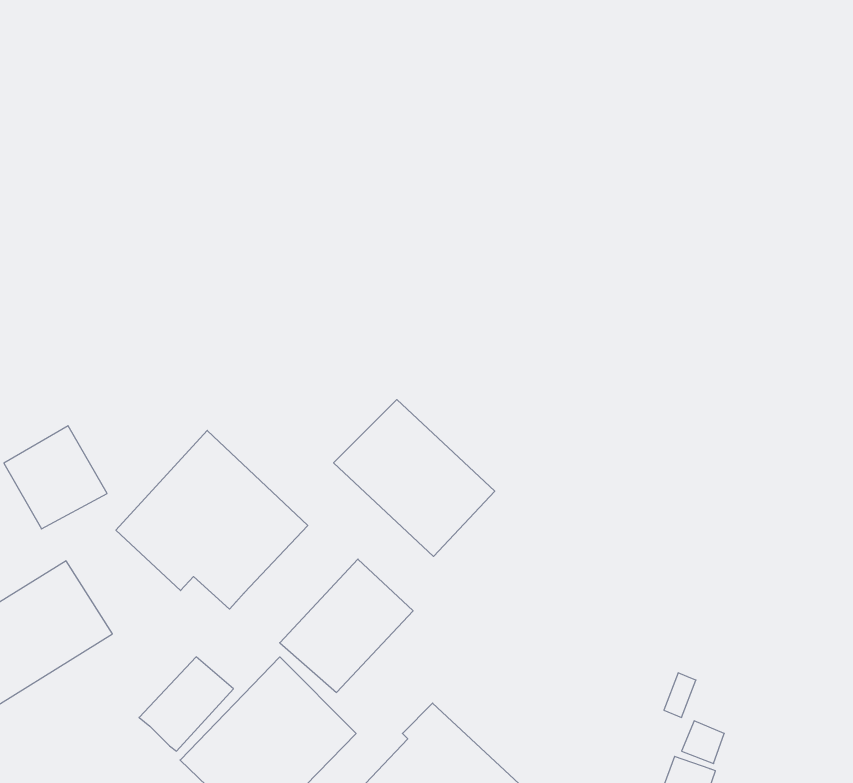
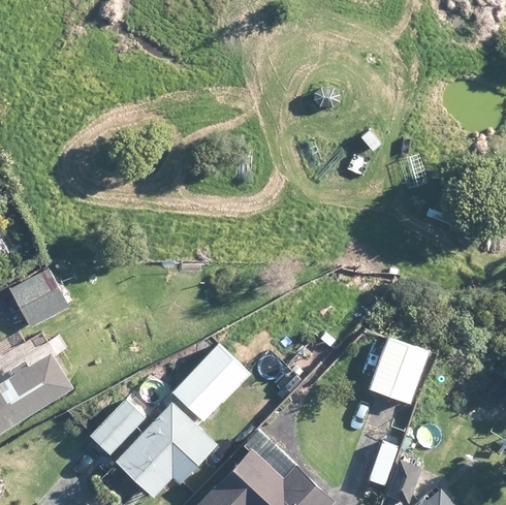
building: [334,400,495,556] -> none
building: [116,430,308,609] -> none
building: none -> [370,341,425,402]

